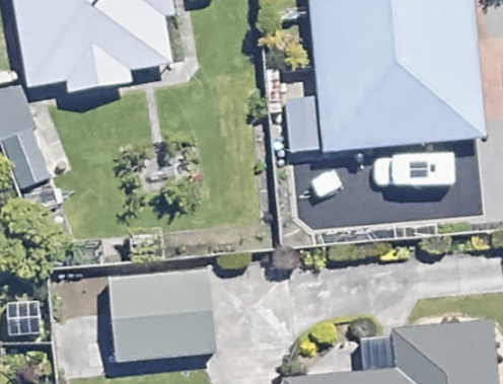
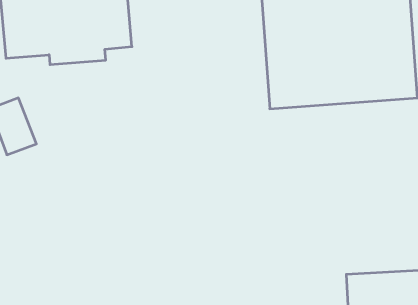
building: [101,266,207,354] -> none

